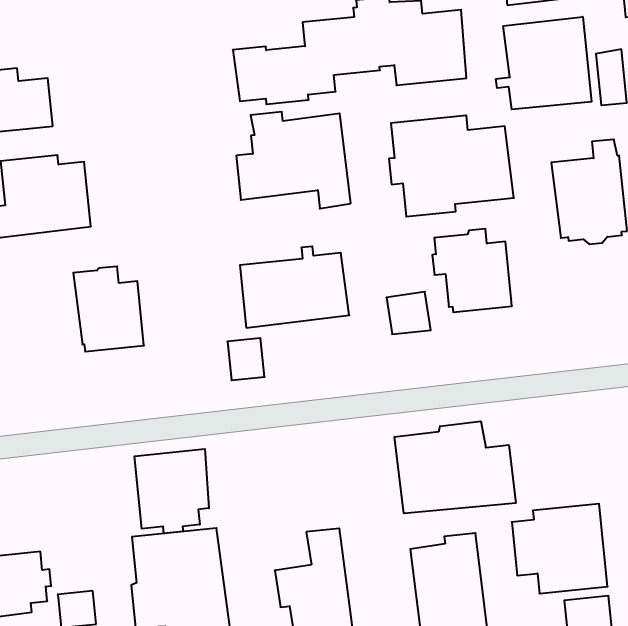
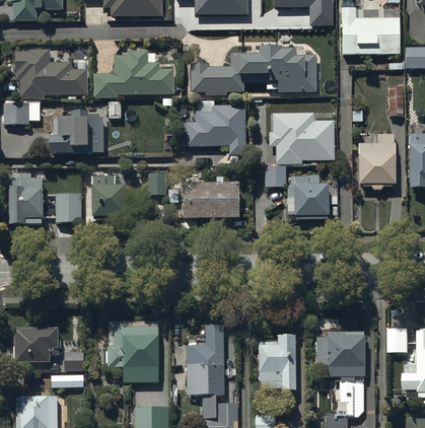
building: [496,17,591,109] -> none
building: none -> [93,51,173,99]
building: [386,292,431,334] -> [264,165,286,187]
building: none -> [55,193,81,223]
building: [227,338,265,380] -> [148,173,166,195]
building: [395,421,516,513] -> none
building: [134,449,209,533] -> none

